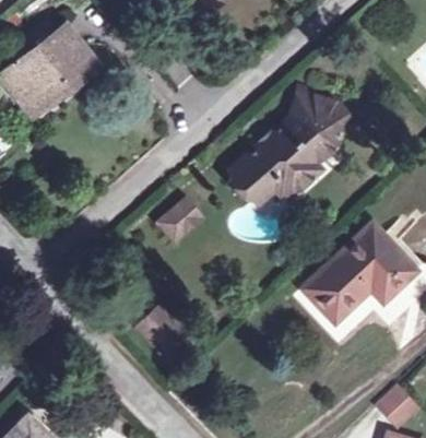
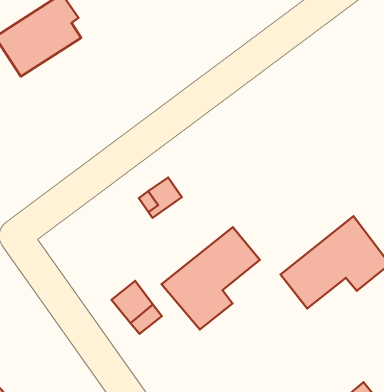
building: [232,88,348,200] -> none
building: none -> [162,227,260,329]

